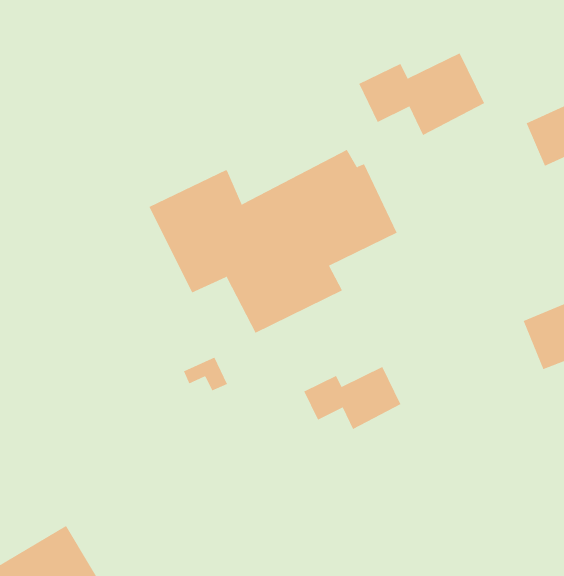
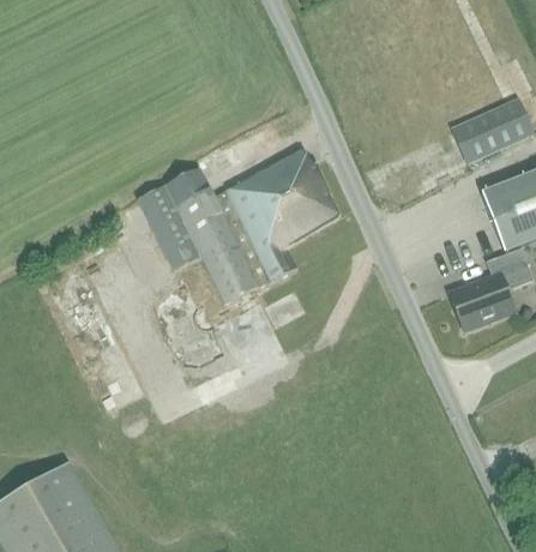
building: [359,53,485,136] -> none
building: [304,366,401,430] -> none

